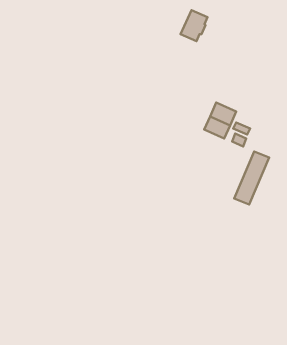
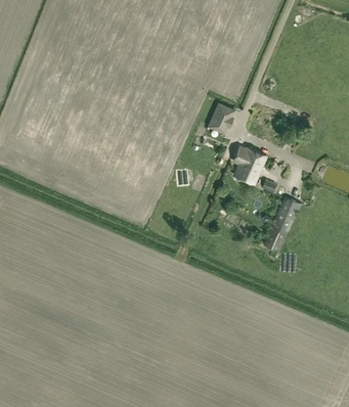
building: [181,10,208,41] -> [207,101,234,133]

